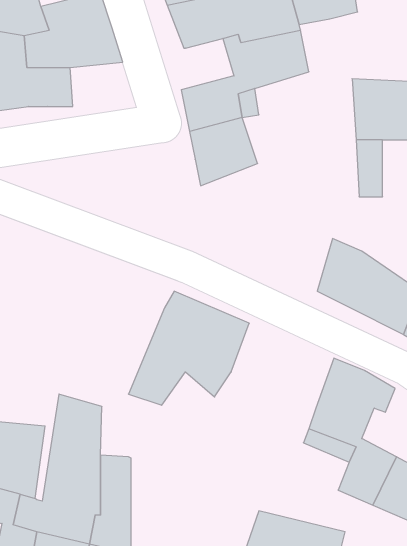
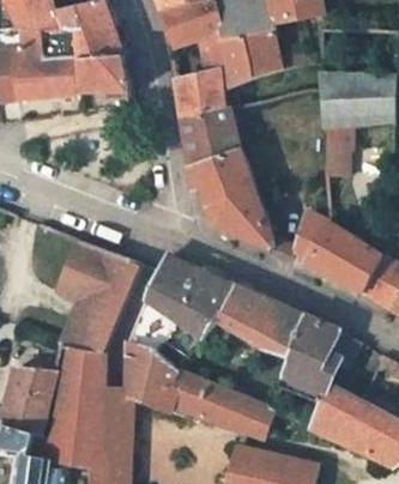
building: none -> [77,59,131,97]
building: none -> [189,146,276,249]
building: none -> [56,240,141,356]
building: none -> [216,284,304,357]
building: none -> [127,345,272,437]

